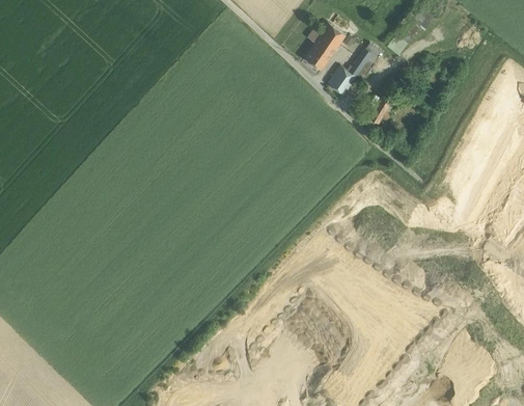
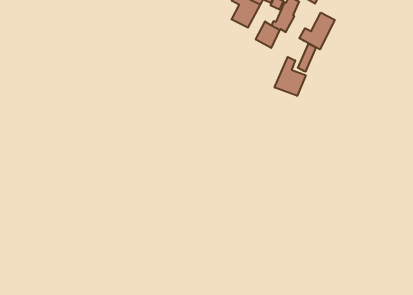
building: none -> [299,13,335,49]
building: none -> [275,57,306,96]

